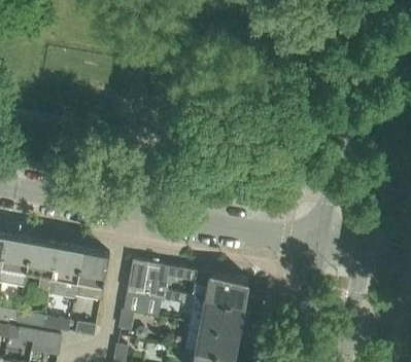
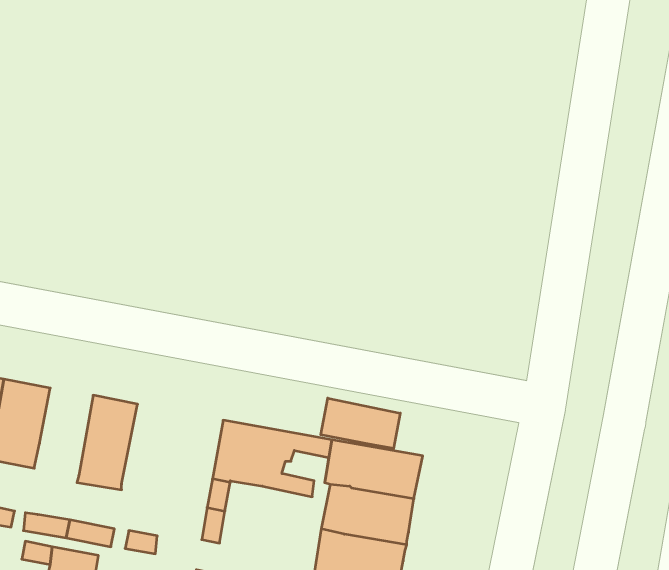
building: [27,242,58,292] -> none
building: none -> [321,398,400,448]
building: [74,251,109,301] -> none

